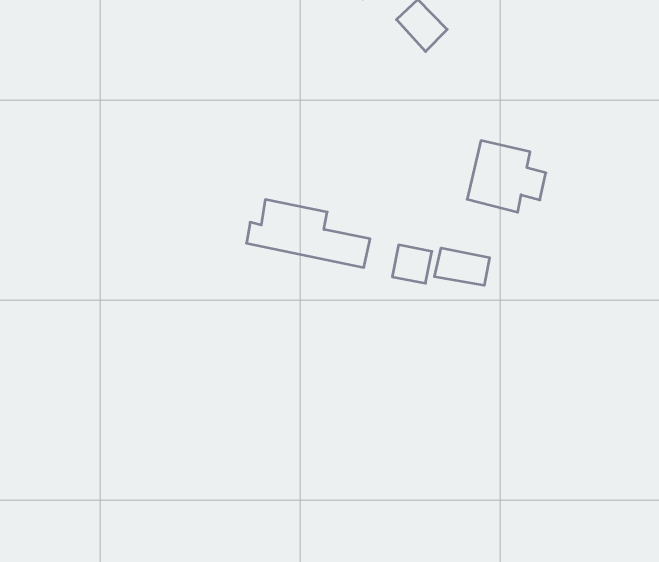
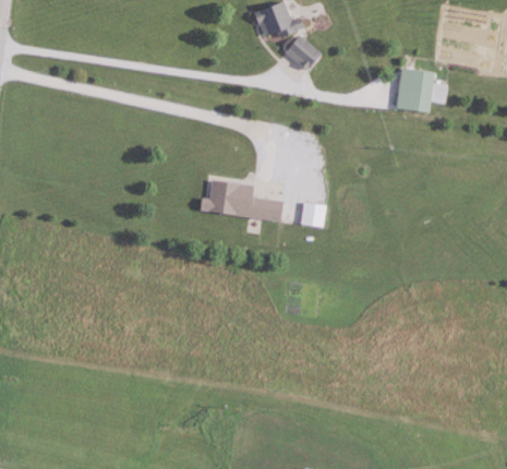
building: [467,141,546,212] -> [395,67,446,112]
building: [434,248,490,285] -> none

